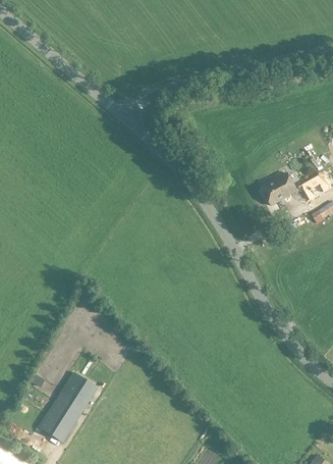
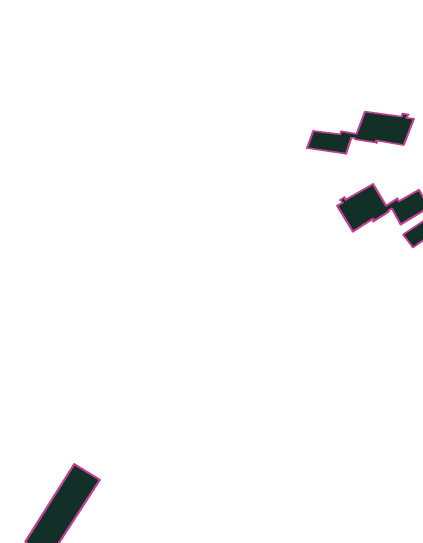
building: none -> [307,112,414,154]

